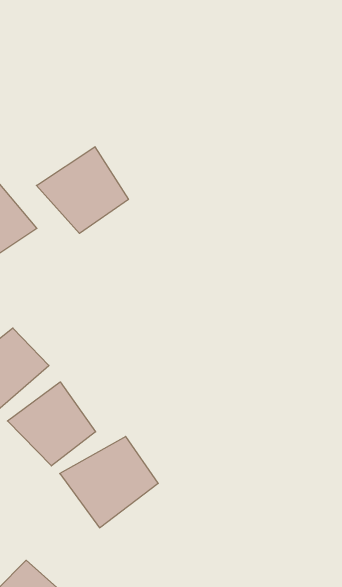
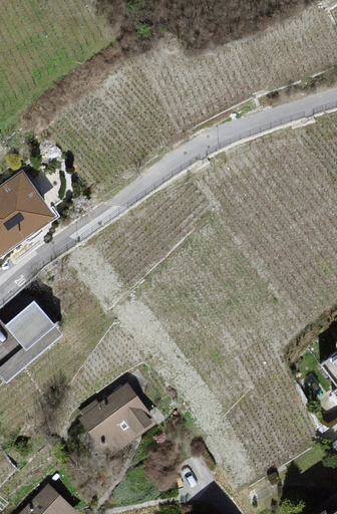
building: [36,147,128,233] -> none
building: [7,382,96,466] -> none

